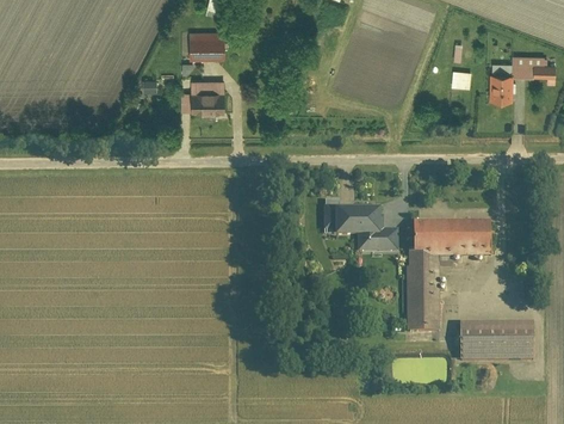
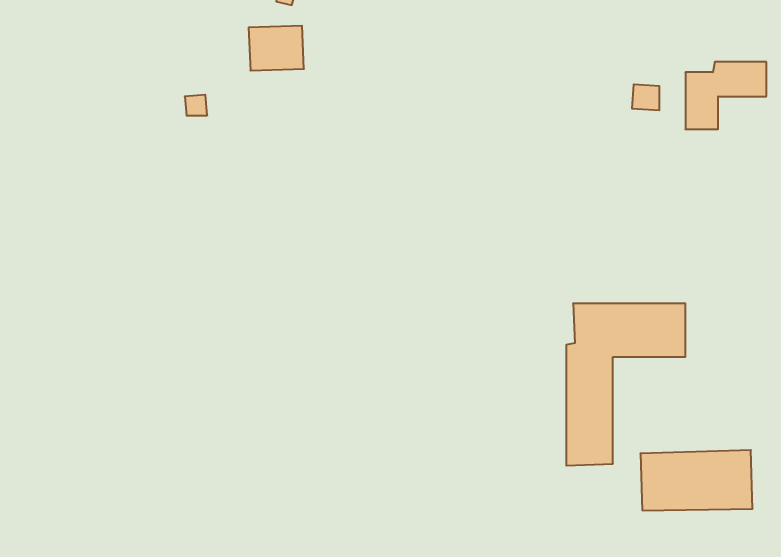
building: [188,87,217,115] -> none
building: [323,204,397,250] -> none

